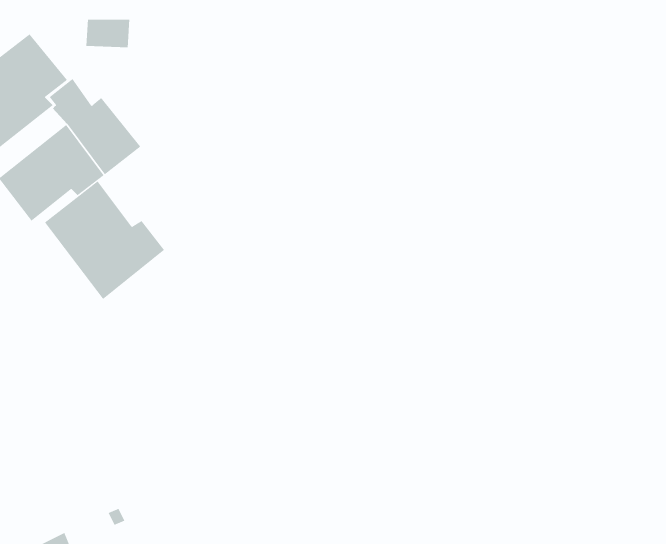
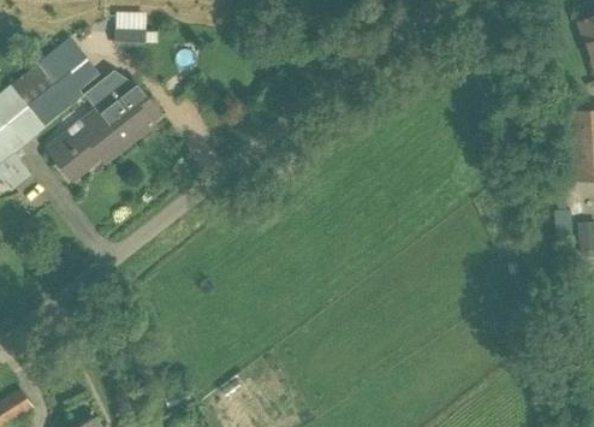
building: [44,181,165,300] -> none

